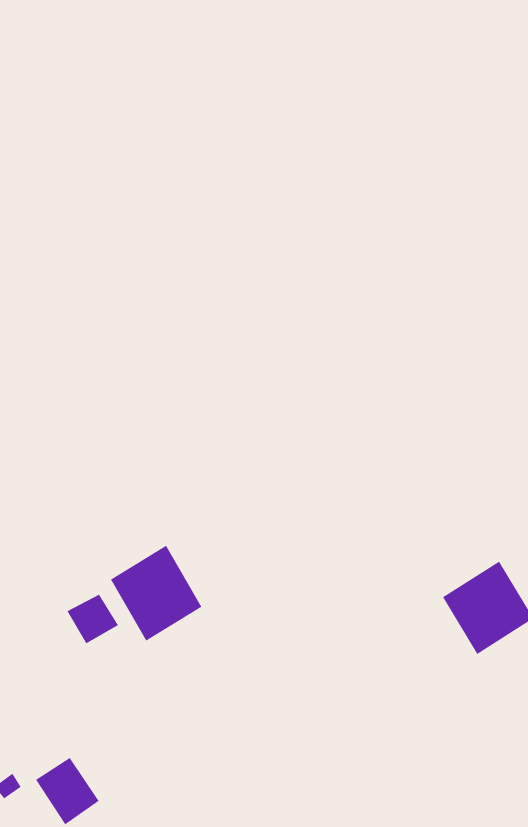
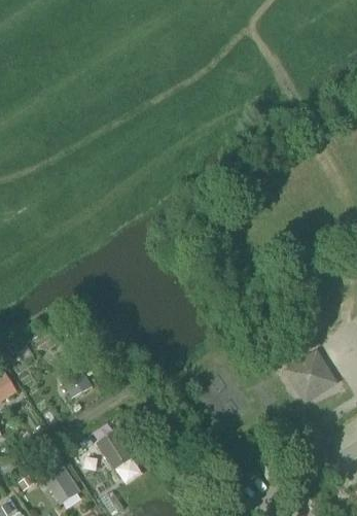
building: [110,545,202,641] -> none
building: none -> [96,428,134,469]

